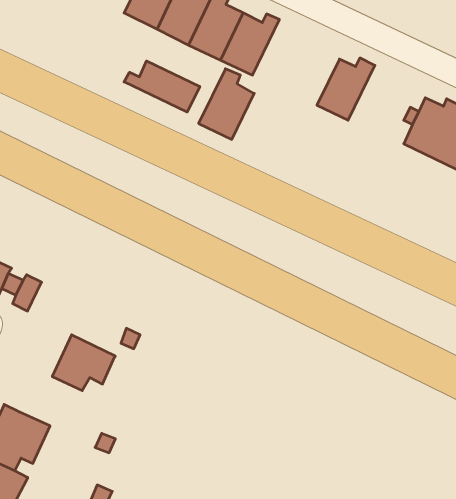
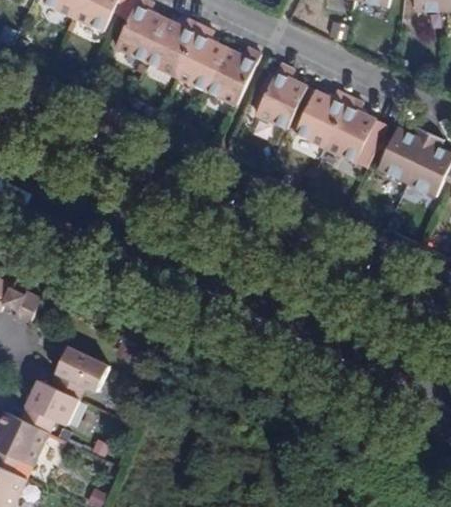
building: [124,61,200,112] -> none
building: none -> [325,96,377,162]
building: [199,69,254,139] -> [256,63,308,129]
building: none -> [18,380,77,432]

